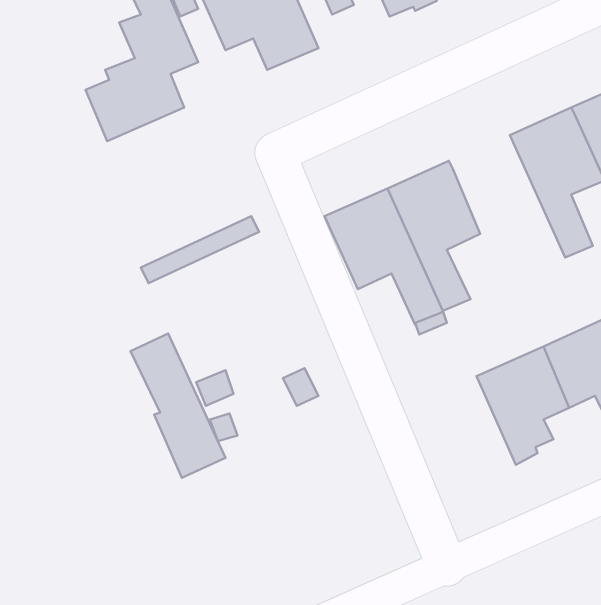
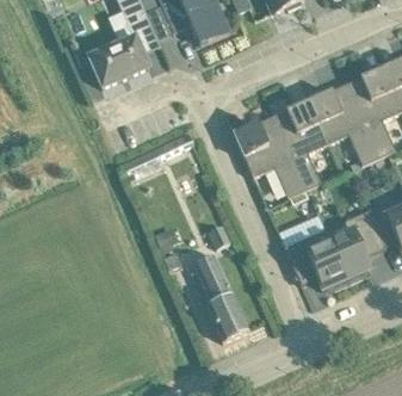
building: none -> [308,83,378,165]
building: [131,333,225,478] -> [191,254,248,341]
building: none -> [284,229,348,289]

